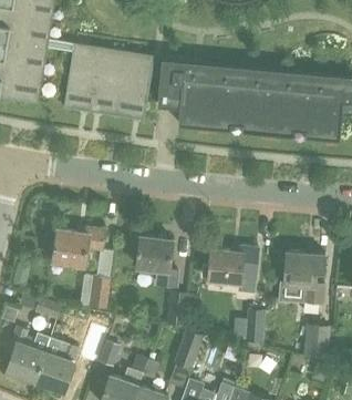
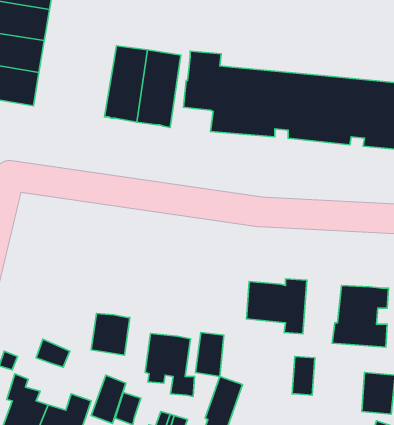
building: [64,48,101,111] -> none
building: [52,226,105,265] -> none
building: [136,234,177,286] -> [145,333,195,396]

